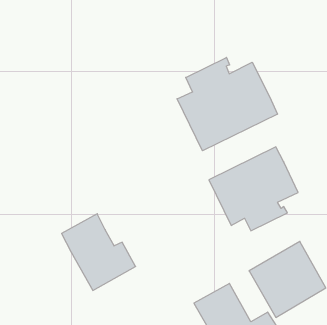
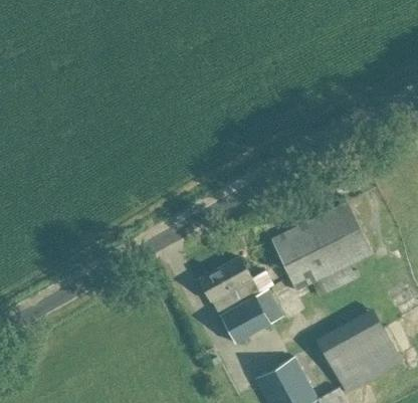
building: [177,57,277,151] -> none
building: [62,214,136,290] -> [199,255,282,342]

